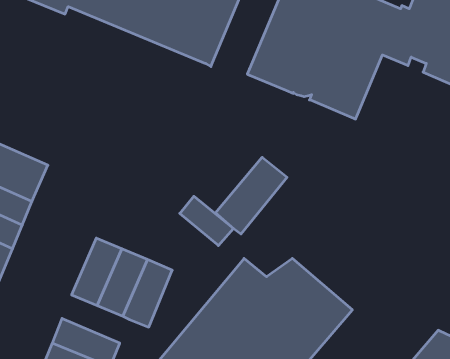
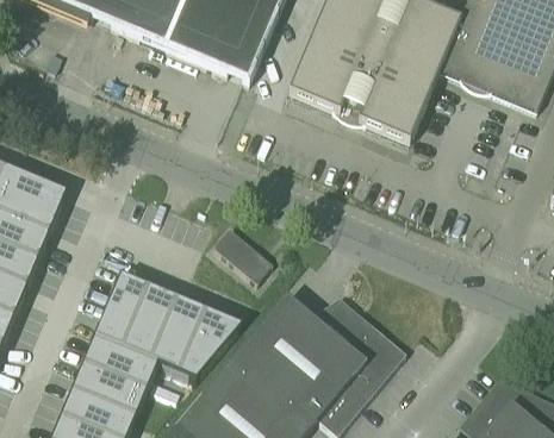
building: [216,157,287,234] -> none
building: none -> [178,309,241,380]
building: none -> [81,337,156,390]

